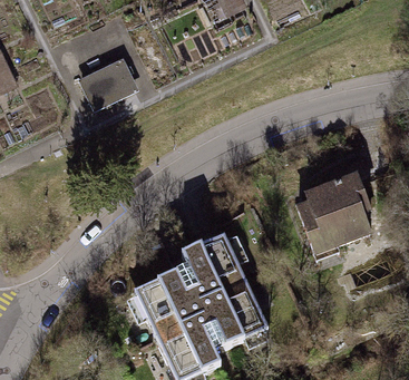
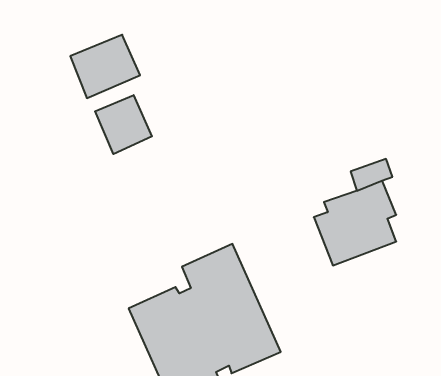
building: none -> [95,95,152,154]

